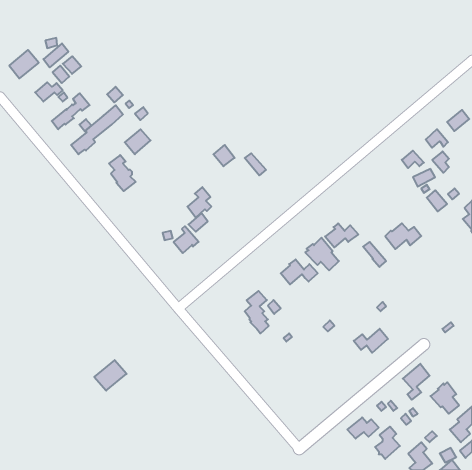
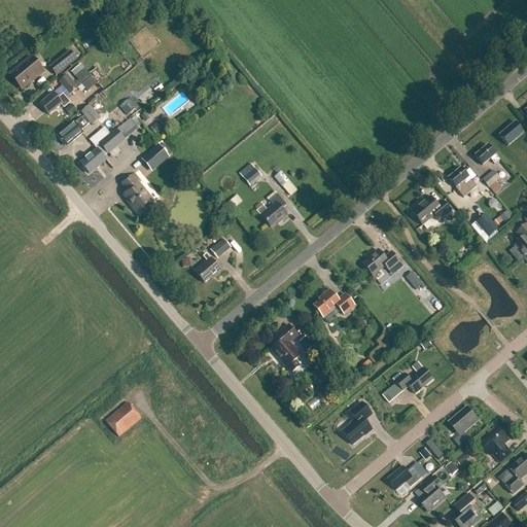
building: [187,187,211,218] -> [260,192,287,226]
building: [385,223,421,249] -> [411,196,451,224]
building: [305,238,339,270] -> none
building: none -> [341,400,372,444]

